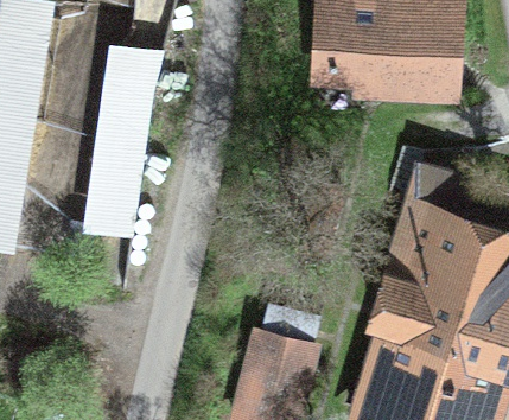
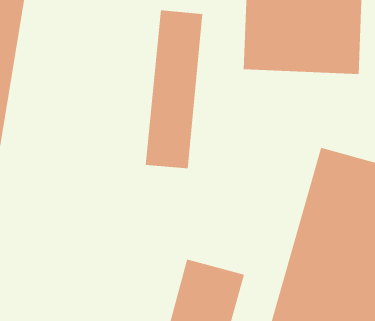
building: [89,34,160,229] -> [145,10,203,169]

